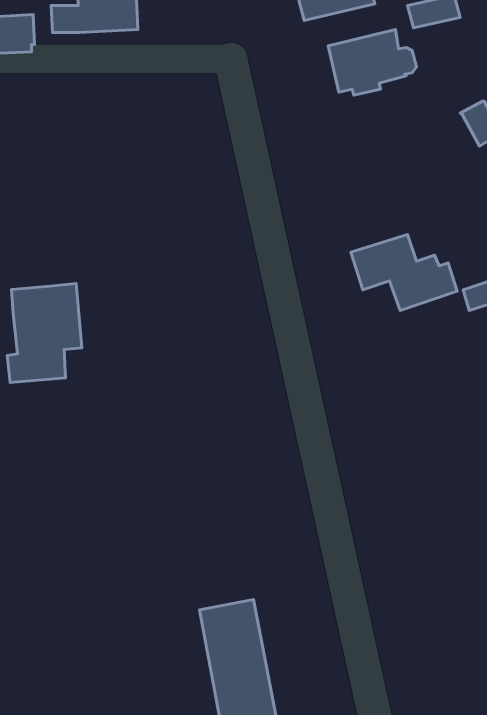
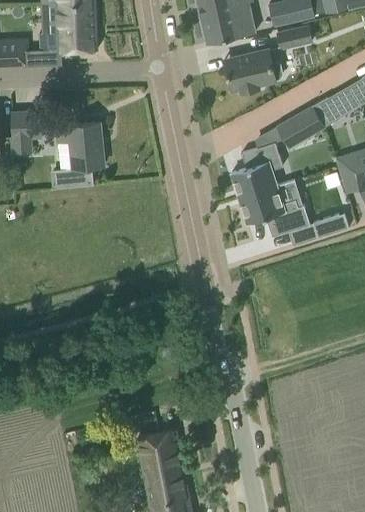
building: none -> [276,105,325,139]
building: none -> [11,112,41,138]
building: none -> [231,142,281,198]
building: [7,284,82,382] -> [54,122,104,188]

